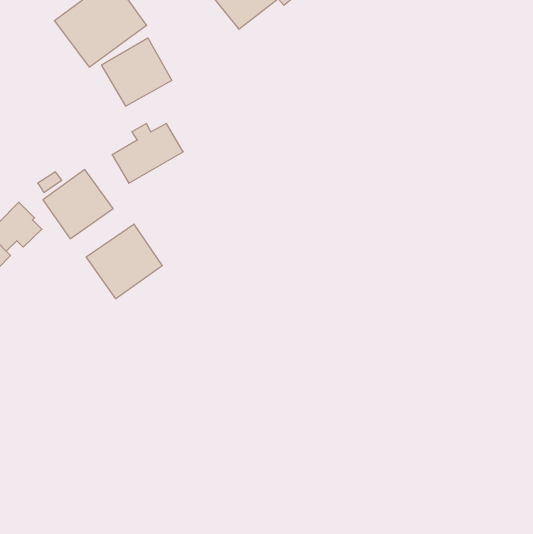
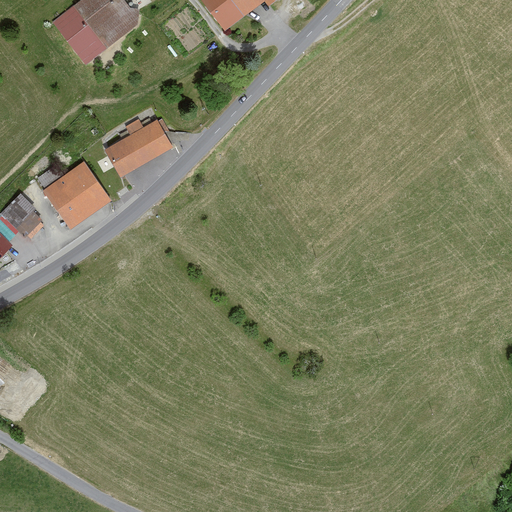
building: [102,38,172,106] -> none
building: [86,224,162,299] -> none

